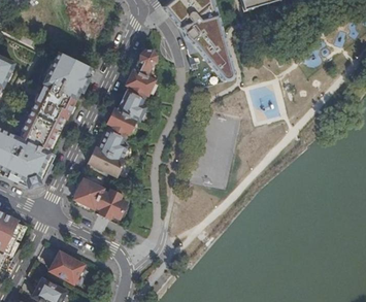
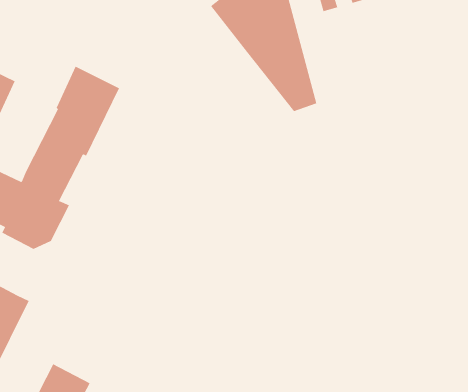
building: [86,51,159,179] -> none
building: [71,178,129,224] -> none
building: [47,245,86,281] -> none

